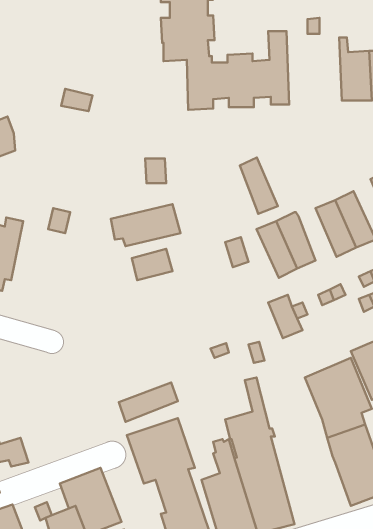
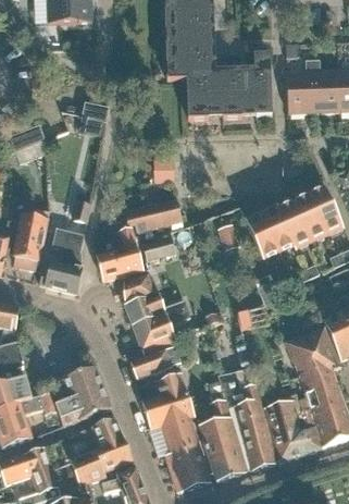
building: none -> [287,60,315,113]
building: [240,157,278,214] -> [279,201,311,248]
building: none -> [40,228,84,294]
building: none -> [96,228,142,280]
building: none -> [123,274,190,353]
building: none -> [54,367,111,427]
building: none -> [264,401,322,463]

